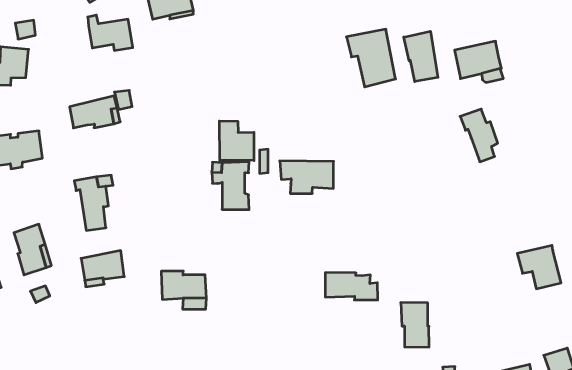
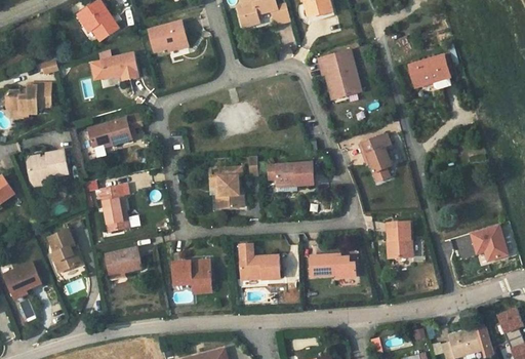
building: [404,31,438,82] -> none
building: [460,109,498,162] -> [358,137,391,182]
building: [219,121,254,161] -> none
building: none -> [239,245,280,281]
building: [401,303,429,347] -> [387,223,412,261]

